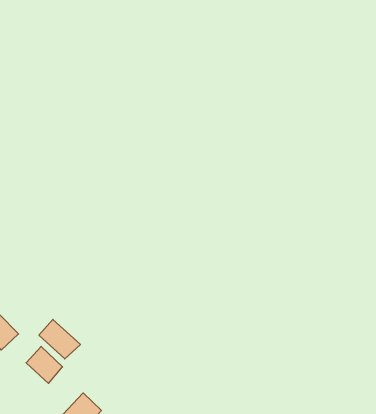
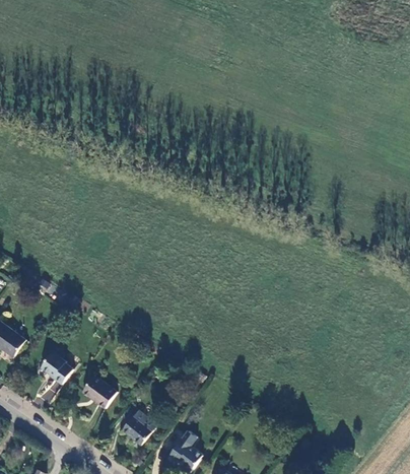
building: [39,319,80,359] -> none

